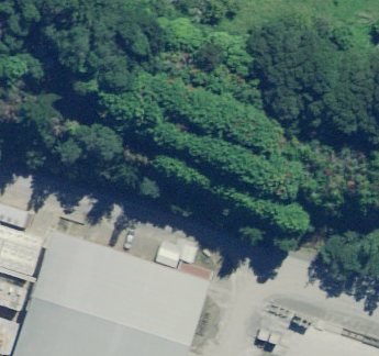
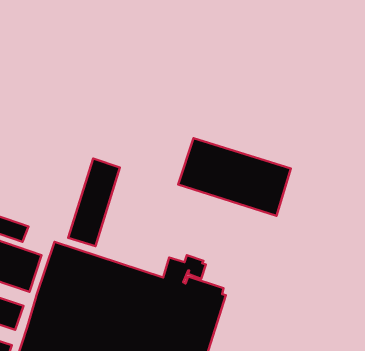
building: none -> [178,138,291,216]
building: none -> [68,158,120,246]

